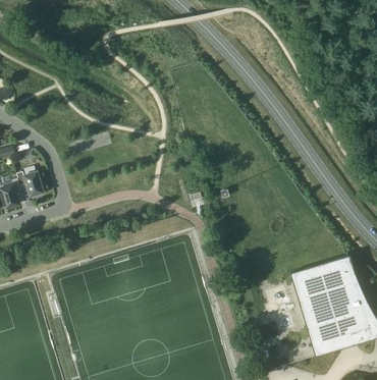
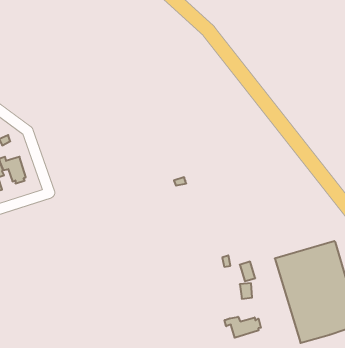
building: none -> [225,317,261,338]

